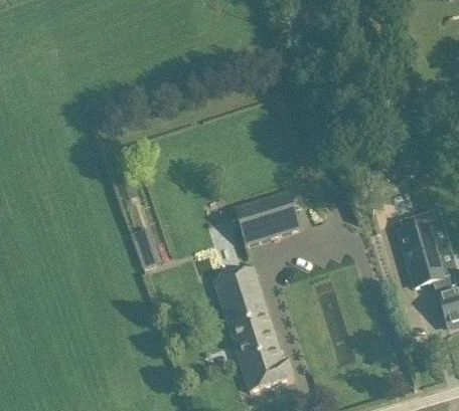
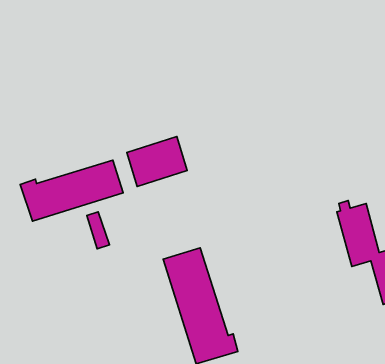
building: none -> [20,160,123,221]
building: [236,191,300,244] -> [127,137,187,187]

